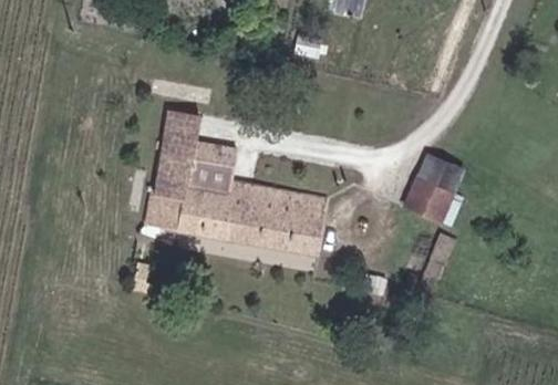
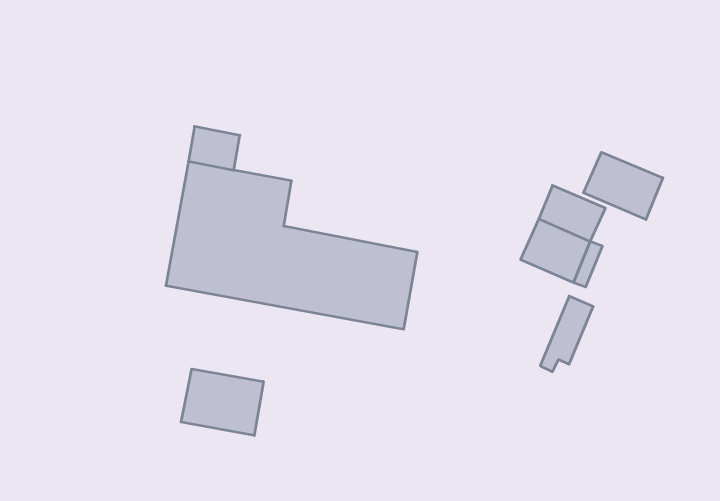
building: none -> [583,152,663,220]
building: none -> [181,369,263,436]

